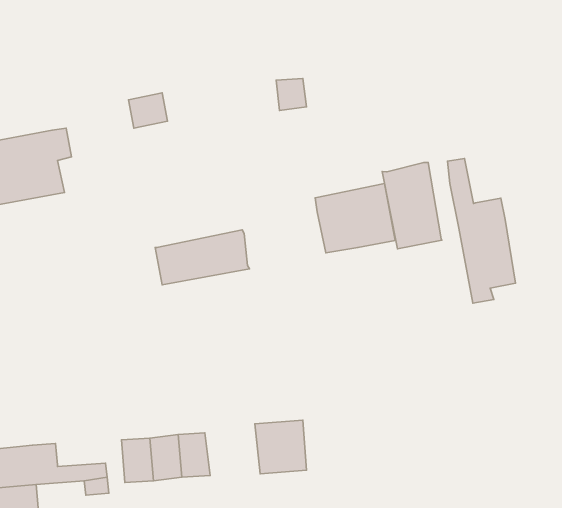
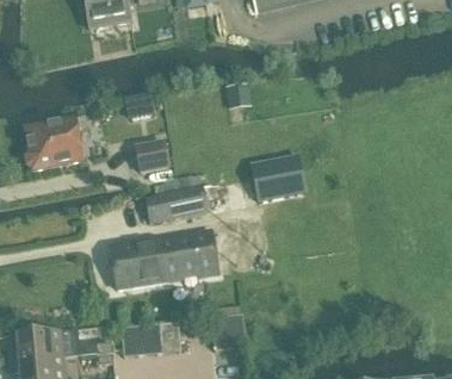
building: [448,159,515,303] -> none
building: none -> [136,139,168,170]
building: [382,162,442,249] -> none
building: none -> [110,229,218,287]

